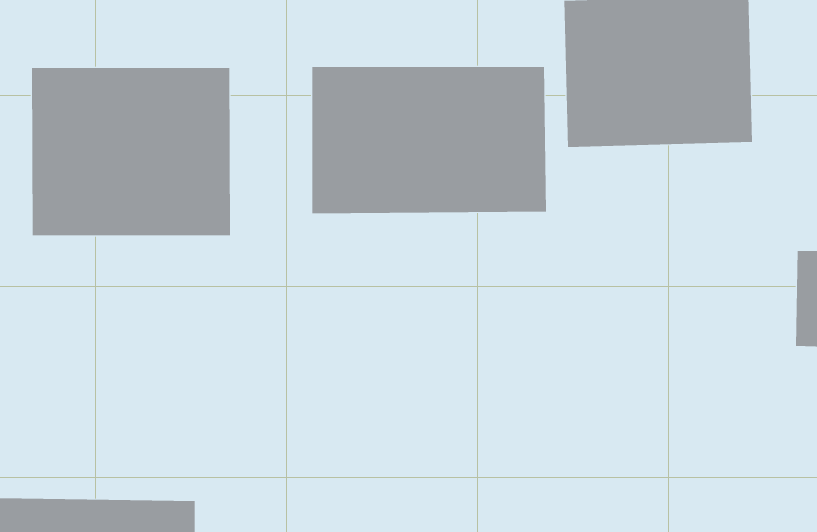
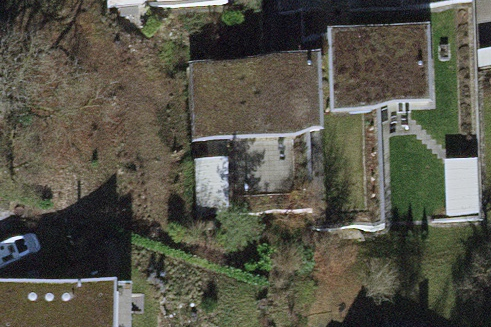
building: [32,67,230,236] -> none

